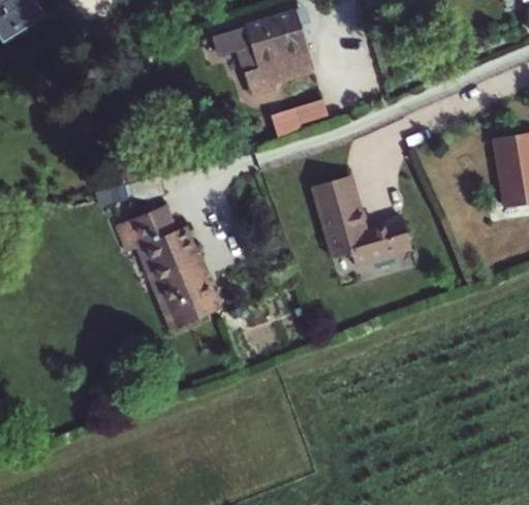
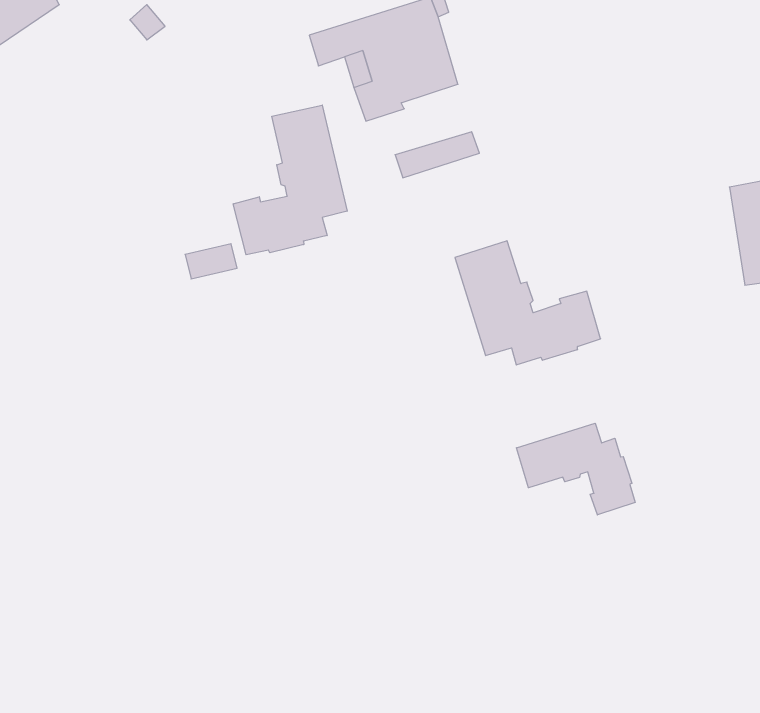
building: none -> [233,105,347,255]
building: [117,204,218,328] -> none
building: none -> [516,423,635,515]

